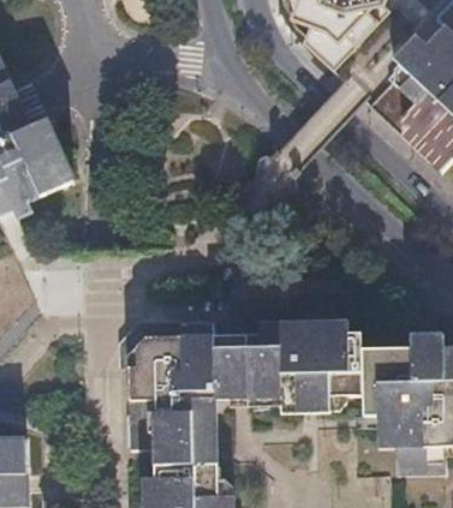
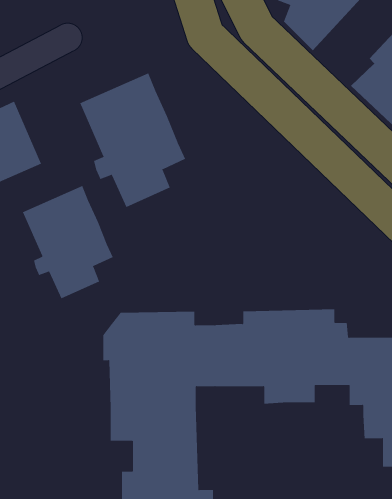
building: none -> [79,72,186,208]
building: none -> [22,185,114,299]

